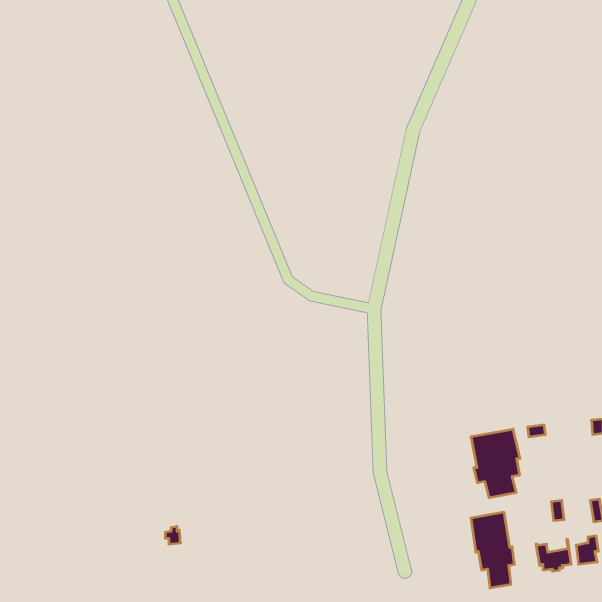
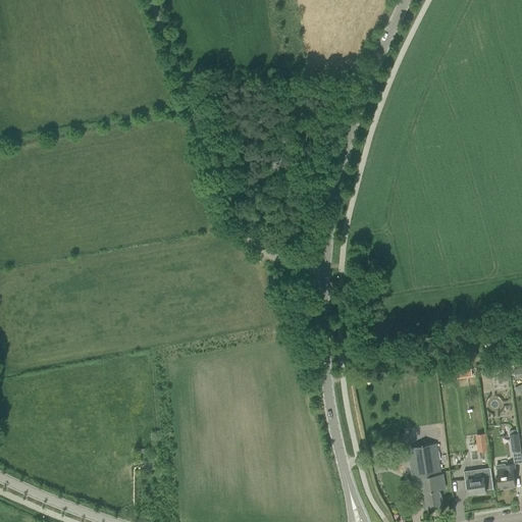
building: [471,429,520,498] -> none

